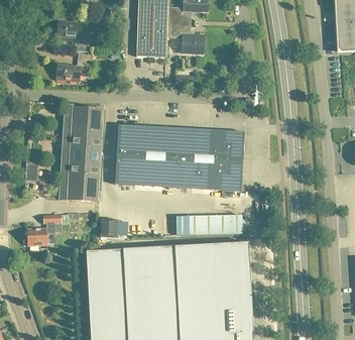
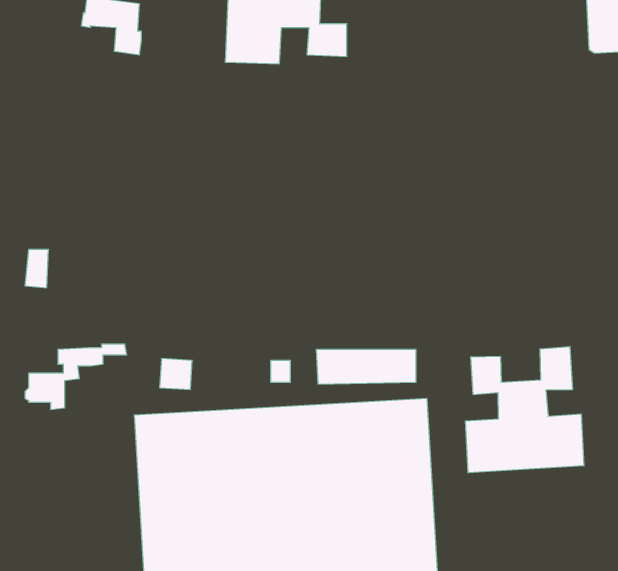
building: [56,52,93,81] -> none
building: [68,106,104,201] -> none
building: [115,124,245,196] -> none
building: none -> [465,346,584,473]

